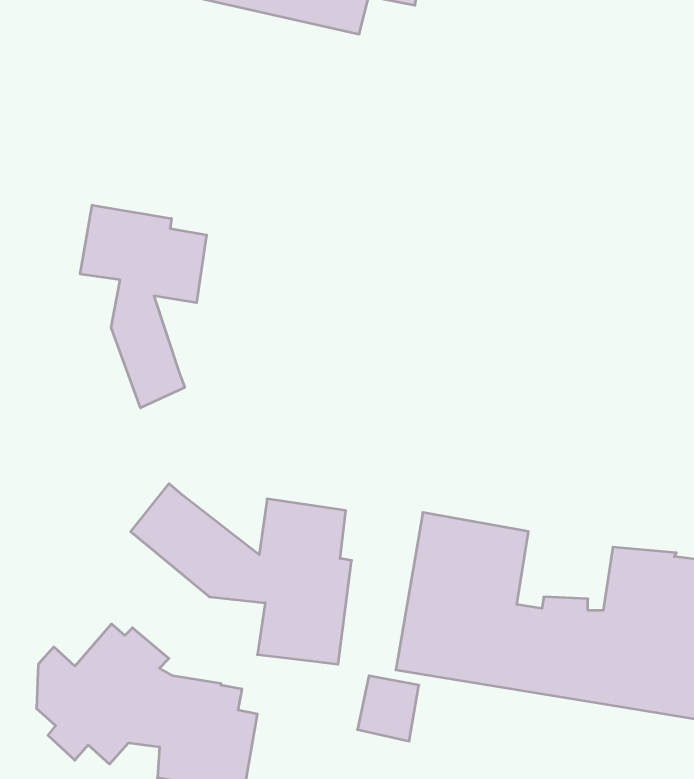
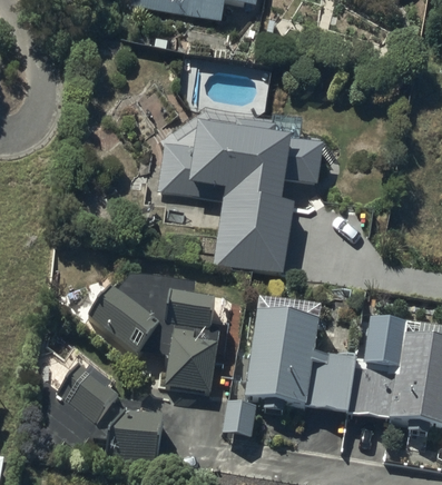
building: none -> [156,118,323,269]
building: [80,205,207,408] -> none

